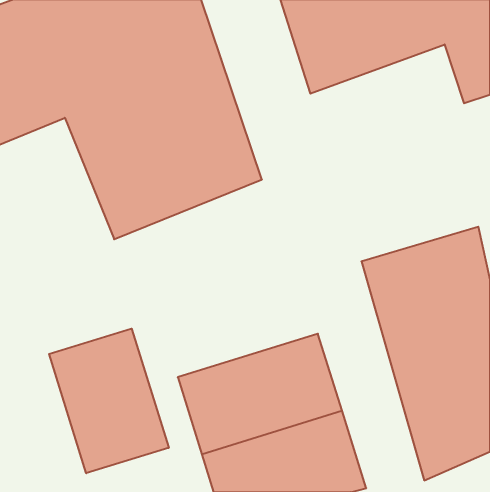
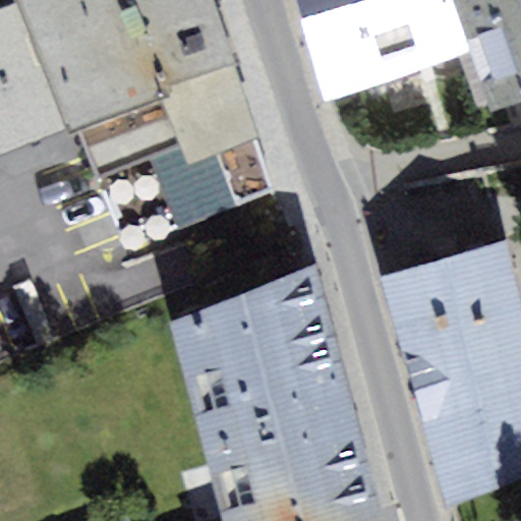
building: none -> [162,271,335,398]
building: [49,329,169,473] -> none

